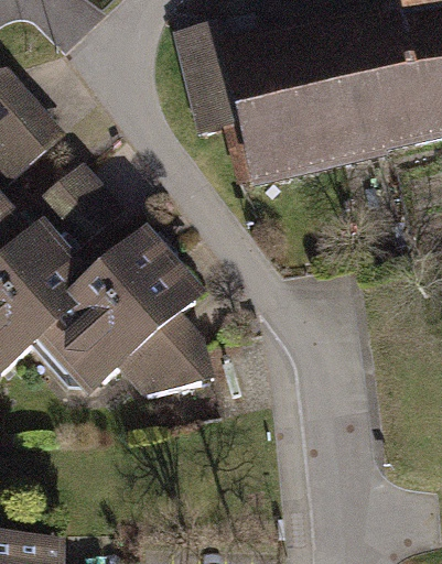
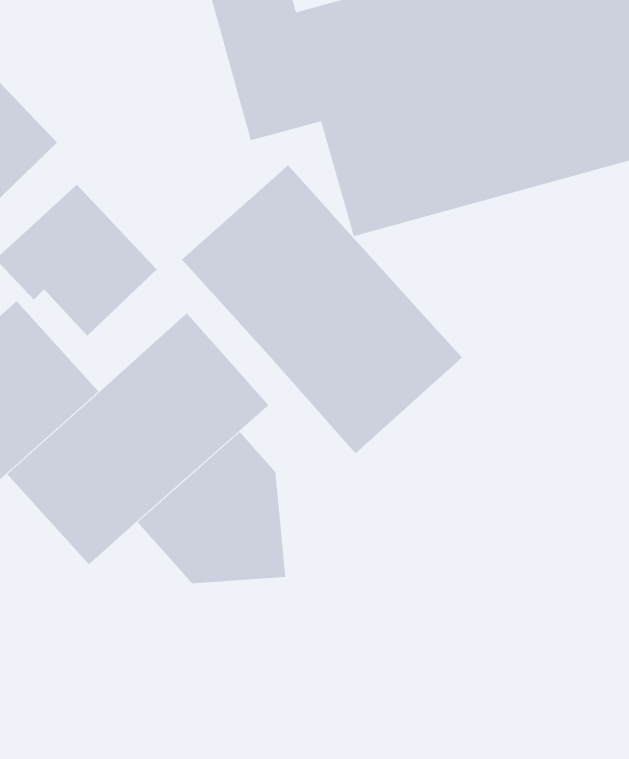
building: none -> [181,165,463,454]

